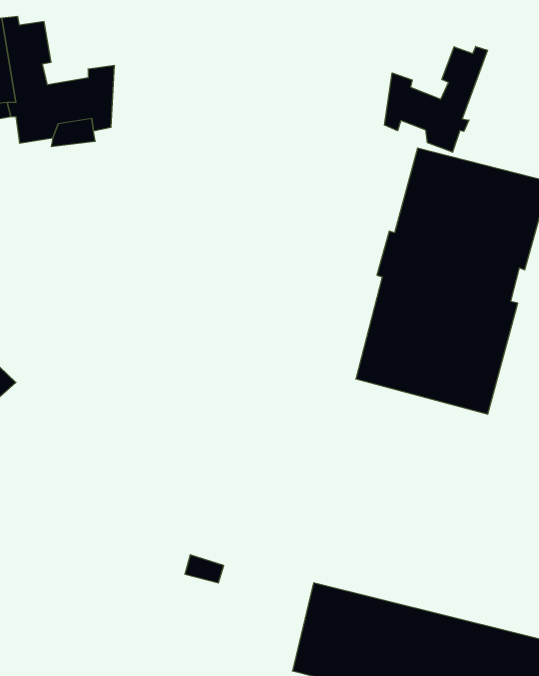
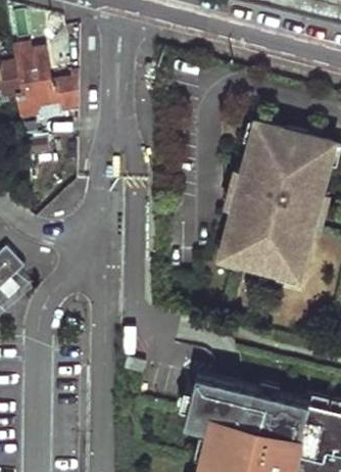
building: [384,46,488,152] -> none

